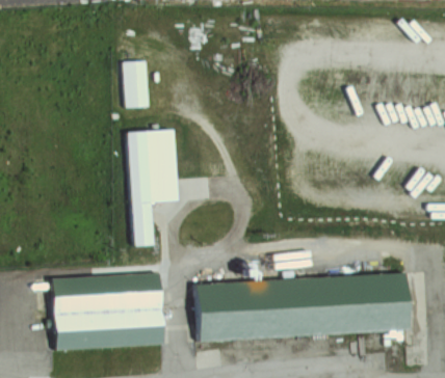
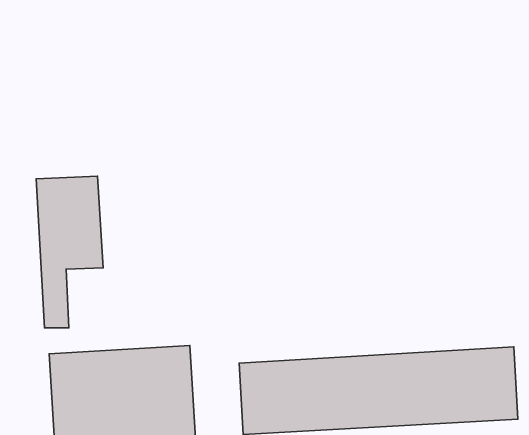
building: [124,60,150,107] -> none
building: [128,130,179,245] -> [36,176,103,328]

